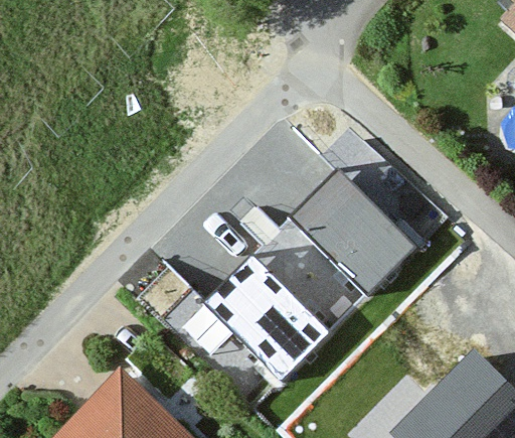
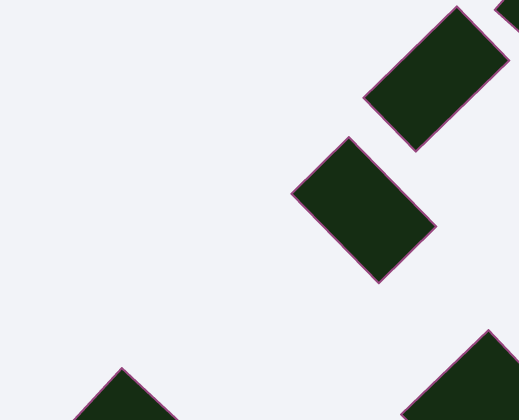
building: none -> [364,7,509,151]
building: [198,239,342,381] -> none

